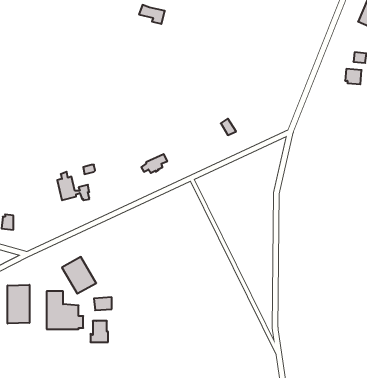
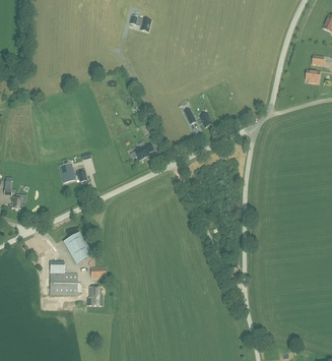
building: [8,285,29,324] -> none

